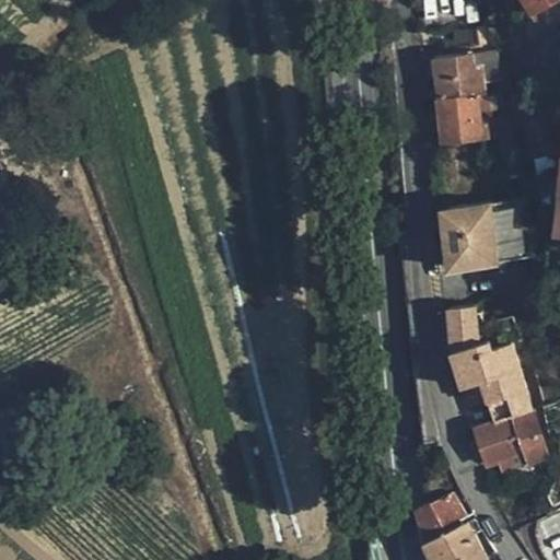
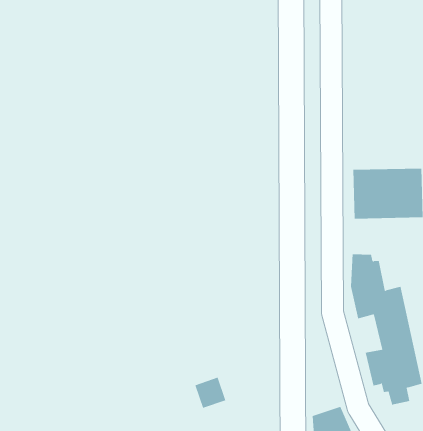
building: [430,56,500,145] -> none

